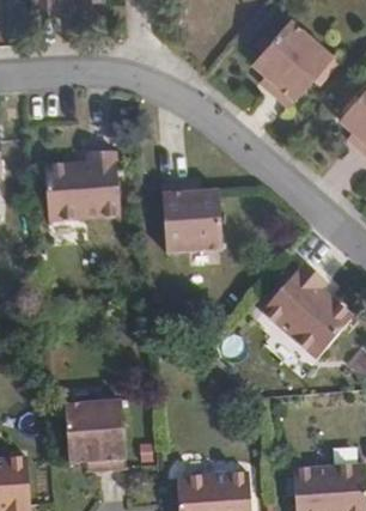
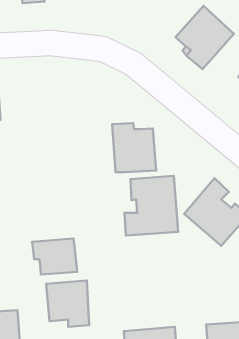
building: [43,150,120,220] -> none
building: none -> [125,176,178,236]
building: none -> [32,238,77,275]

